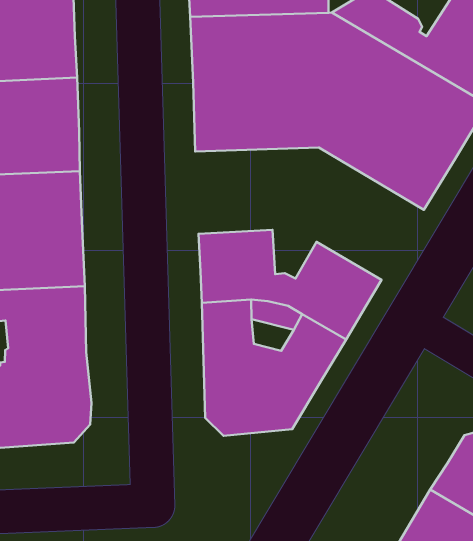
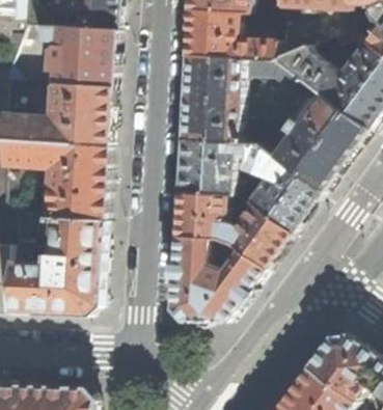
building: none -> [175,140,319,233]

